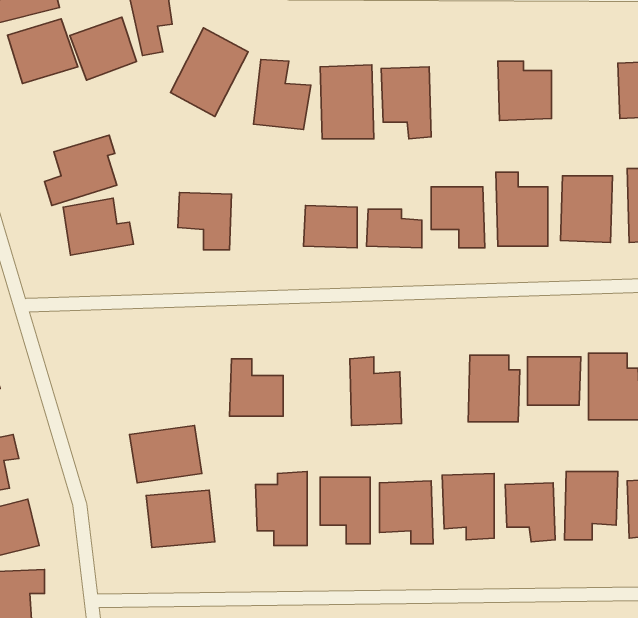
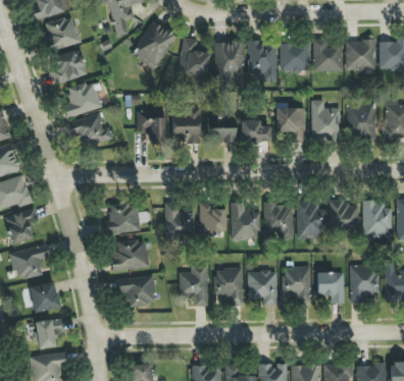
building: [70,17,137,80] -> [49,49,86,84]
building: none -> [345,40,375,71]
building: none -> [280,42,309,71]
building: none -> [171,108,200,143]
building: none -> [199,202,225,233]
building: none -> [102,203,148,233]
building: none -> [263,203,292,237]

